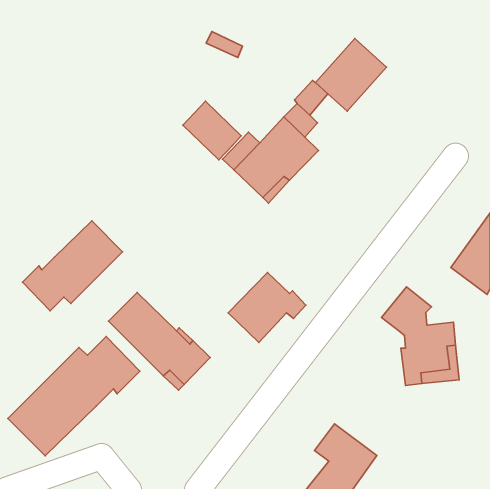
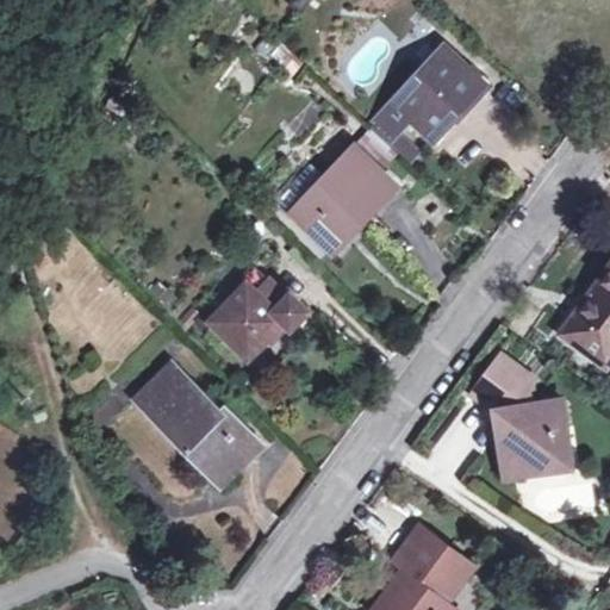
building: [183,101,241,160] -> none
building: [22,221,123,311] -> none
building: [228,273,306,342] -> [210,272,306,359]
building: [8,336,140,456] -> none

